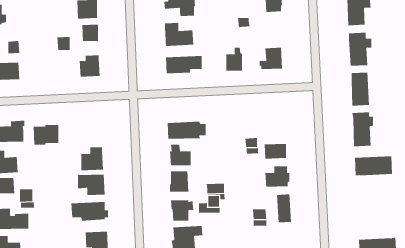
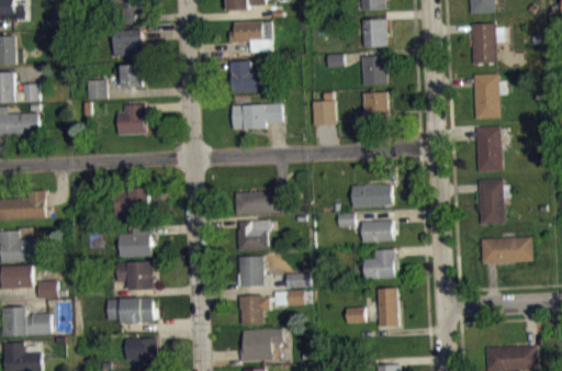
building: none -> [361,56,386,85]
building: none -> [351,184,391,206]
building: [33,124,59,145] -> [113,188,148,215]

